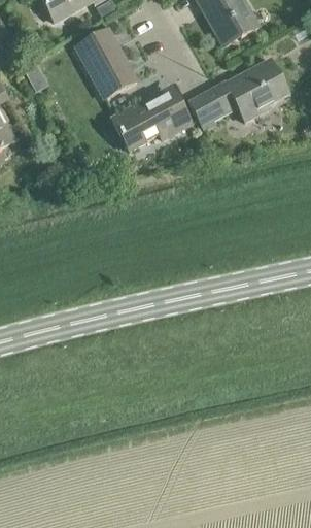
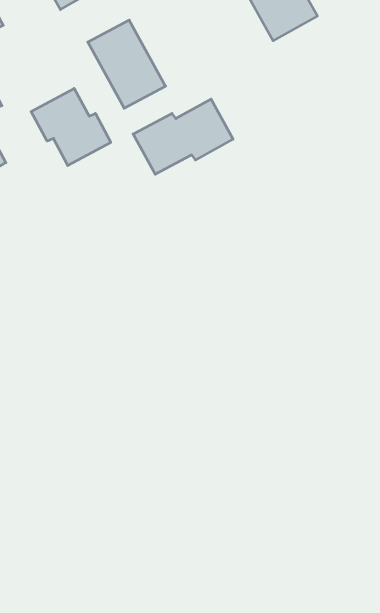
building: [187,58,287,129] -> none
building: none -> [31,88,111,166]

